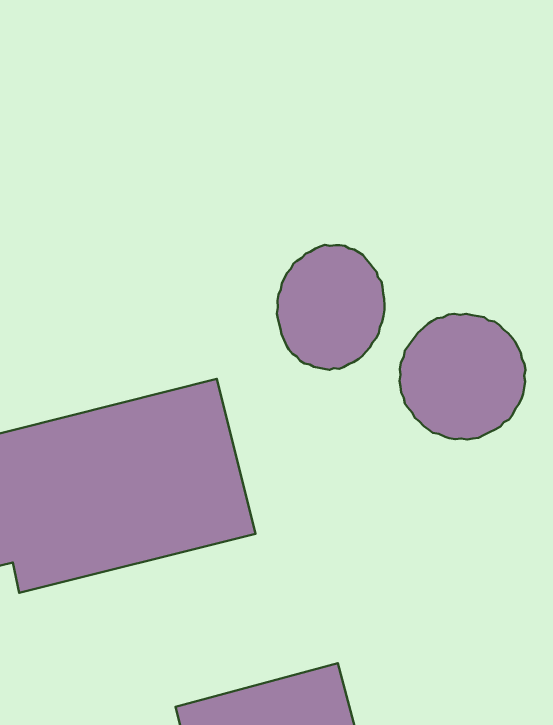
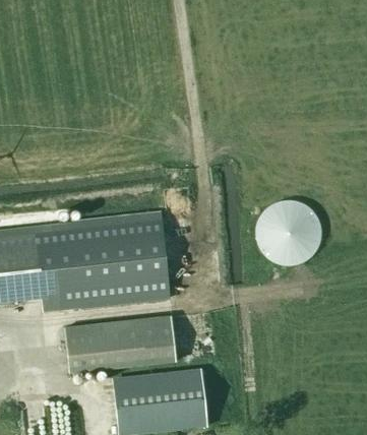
building: [277,245,385,370] -> none
building: none -> [65,315,176,371]

